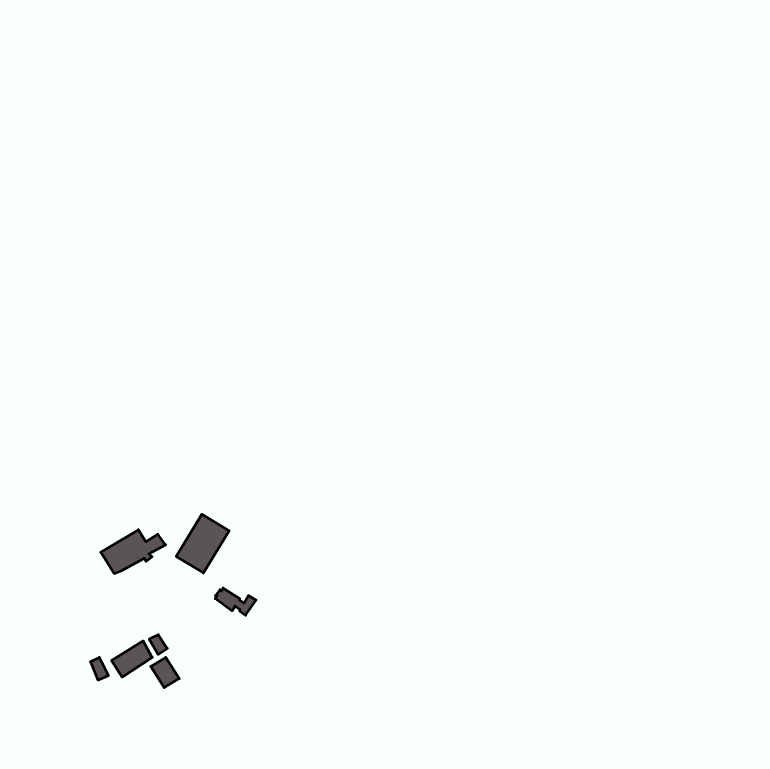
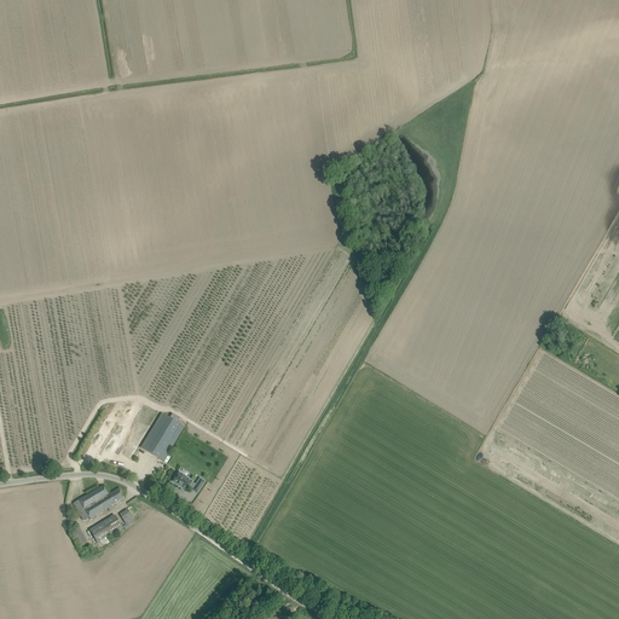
building: [101,530,166,573] -> [73,485,125,520]

